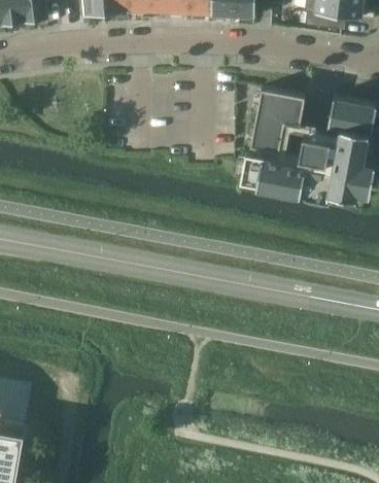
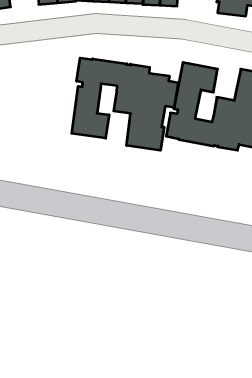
building: none -> [72,58,178,150]

